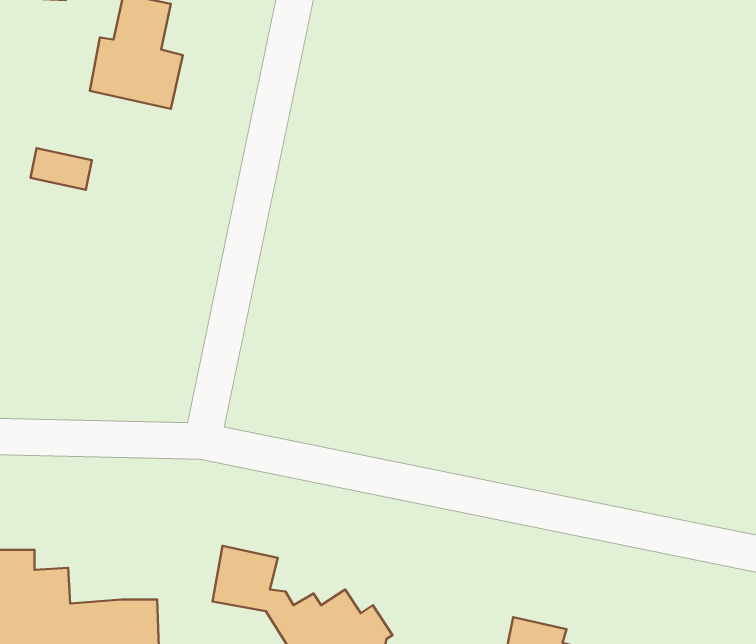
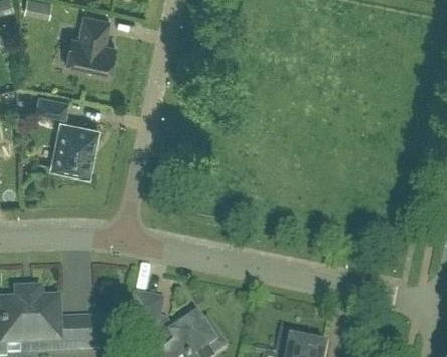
building: none -> [50,118,96,170]

